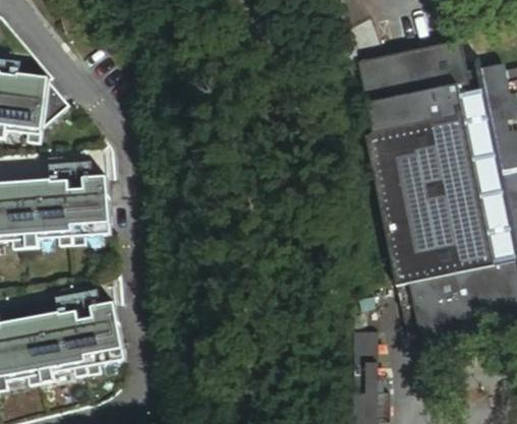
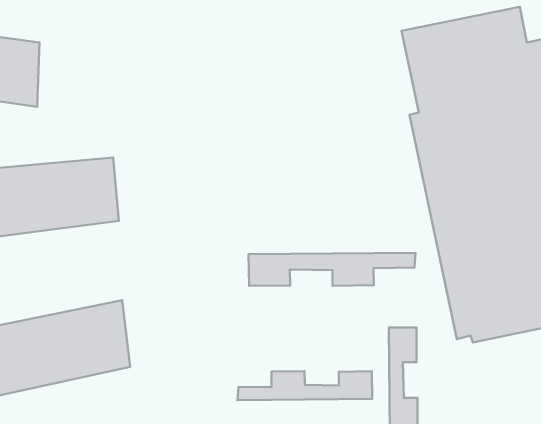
building: none -> [249,253,416,286]
building: none -> [238,371,372,400]

